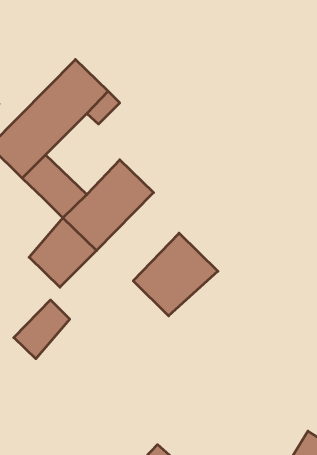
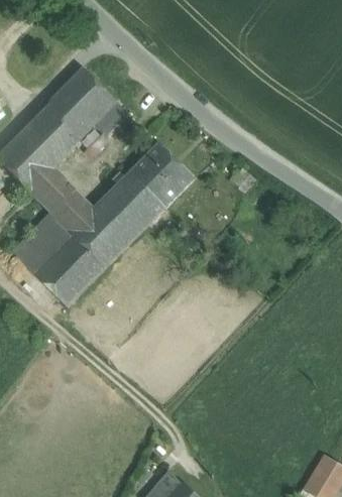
building: none -> [129,142,194,207]
building: [133,233,218,316] -> none
building: [14,300,70,359] -> [11,213,70,274]

